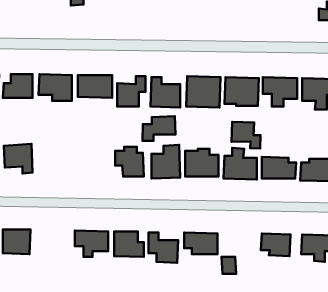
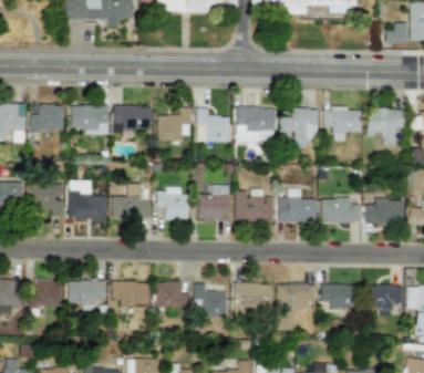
building: [142,116,175,141] -> none
building: [231,122,261,149] -> none
building: none -> [70,179,108,219]
building: none -> [113,183,152,219]
building: none -> [69,279,106,310]
building: none -> [278,283,317,307]

